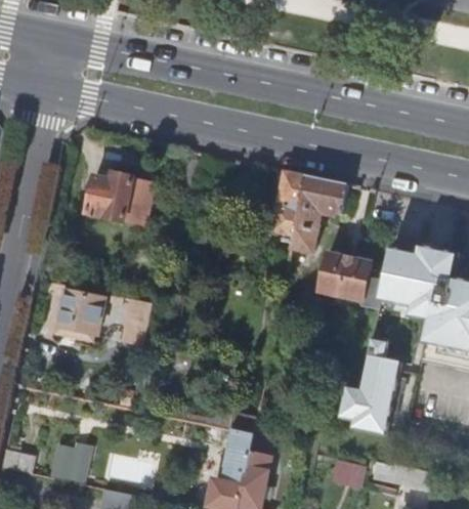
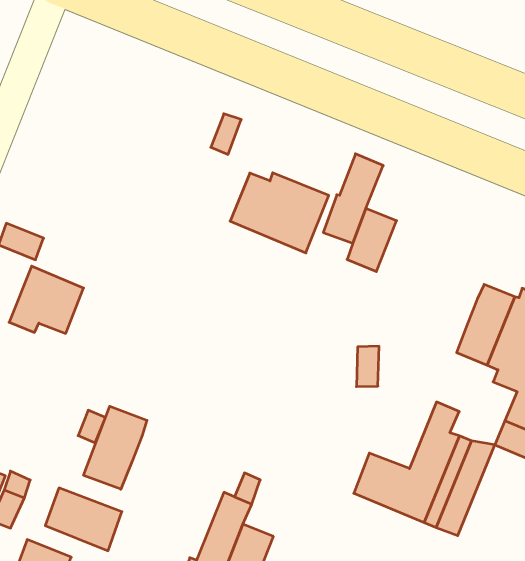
building: [84,173,152,226] -> [230,173,329,253]
building: [296,175,346,217] -> none
building: [317,252,383,307] -> none
building: [125,295,153,341] -> none
building: none -> [84,406,147,489]

